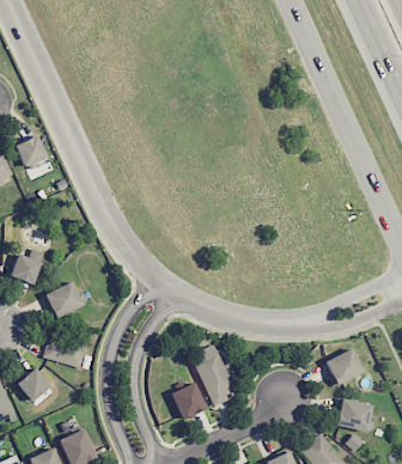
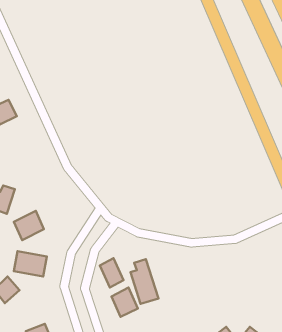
building: none -> [100,258,124,287]
building: [324,348,365,386] -> none
building: [337,398,373,432] -> none

